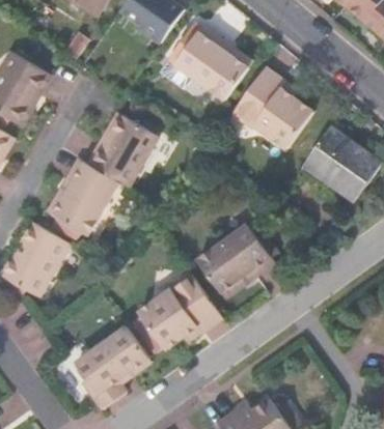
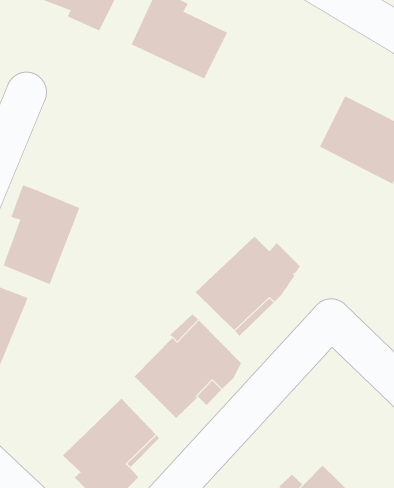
building: [235,67,310,148] -> none
building: [86,116,156,188] -> none

